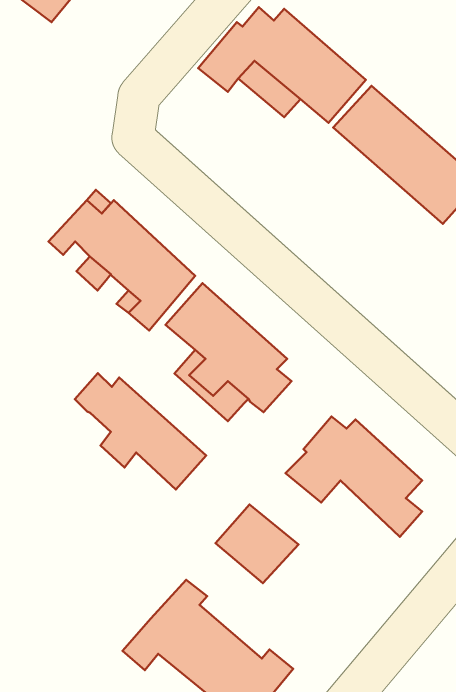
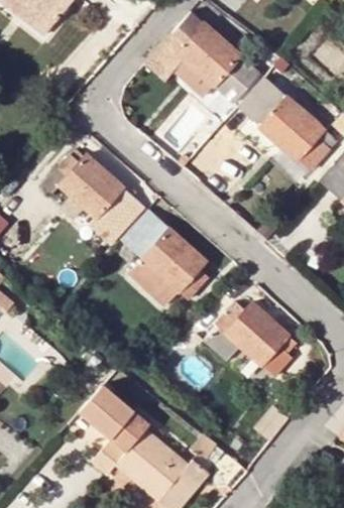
building: [75,373,206,489] -> none
building: [216,504,299,583] -> [80,385,136,438]

